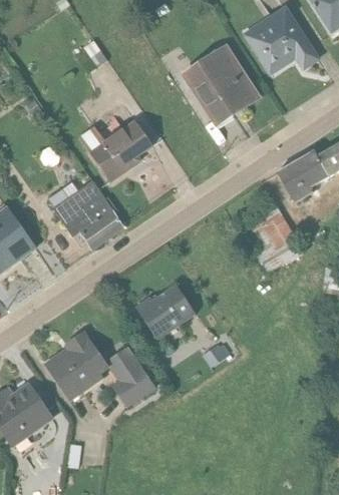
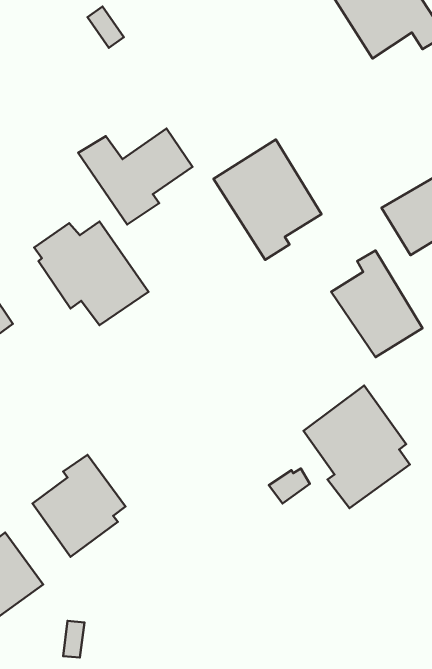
building: [184,44,255,123] -> [213,139,322,260]
building: [134,284,198,342] -> none
building: none -> [303,386,410,508]
building: [108,348,153,407] -> none

